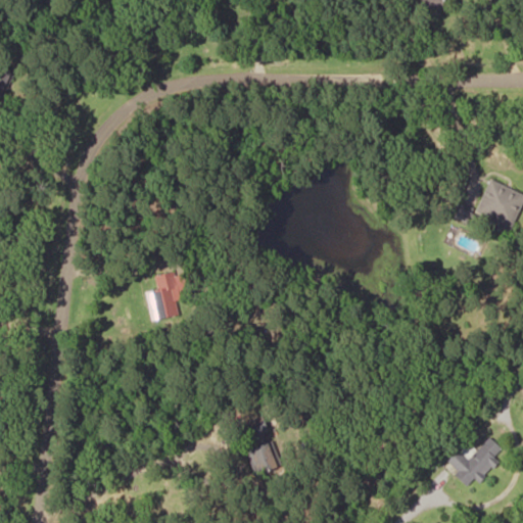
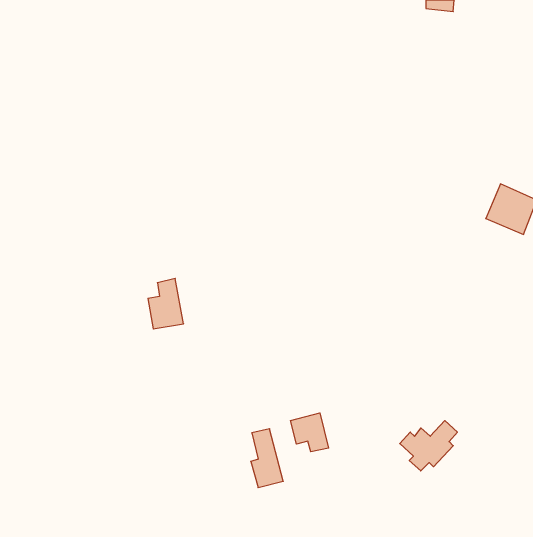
building: none -> [290,413,329,452]
building: [446,437,503,486] -> [400,421,457,471]

